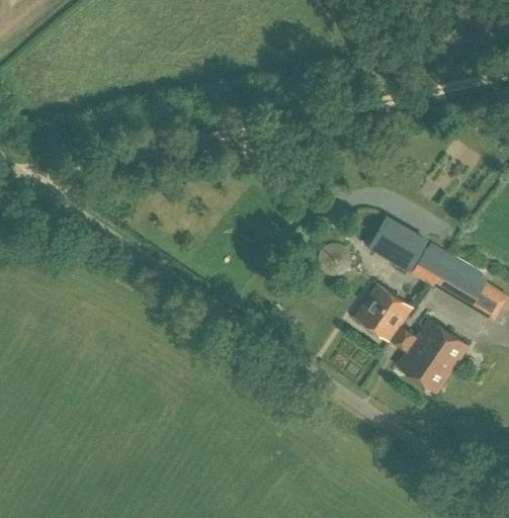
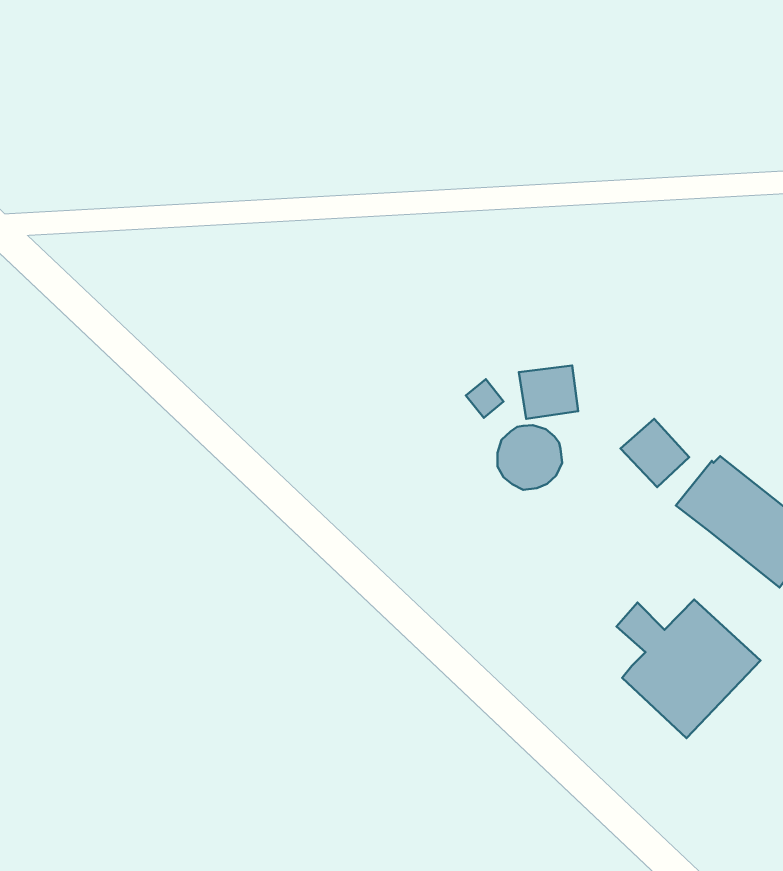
building: none -> [519,366,578,419]
building: [354,283,412,341] -> none

